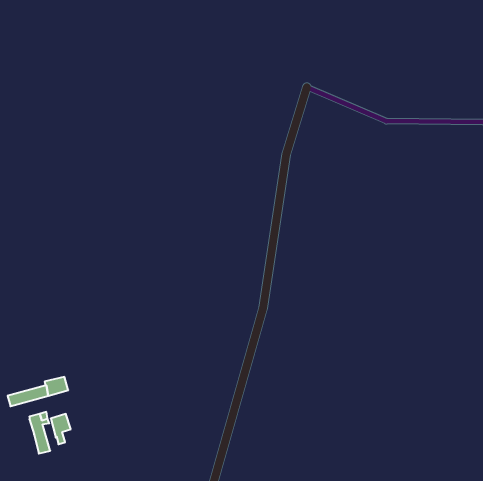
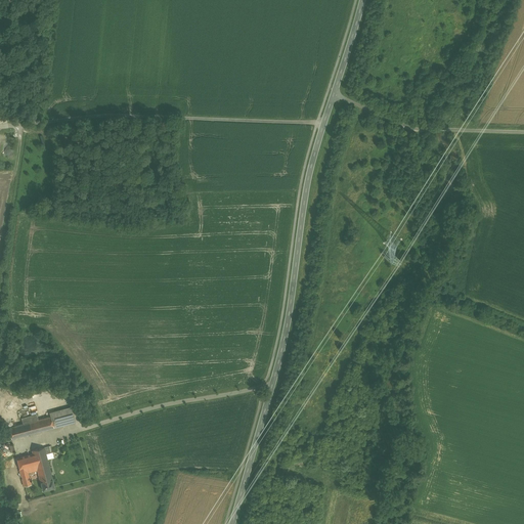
building: [51,414,71,444] -> [15,456,37,489]

